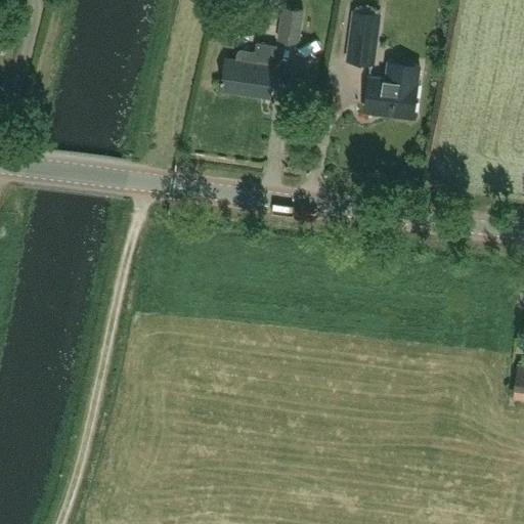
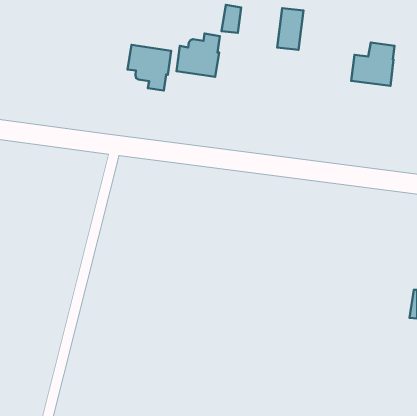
building: none -> [127,45,171,90]
building: [364,63,419,118] -> [351,42,394,86]

